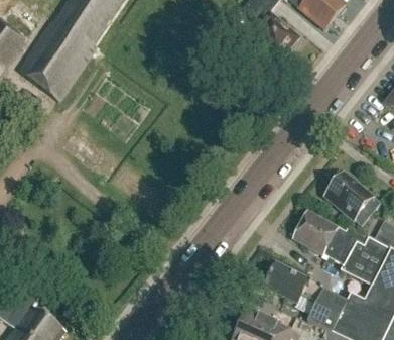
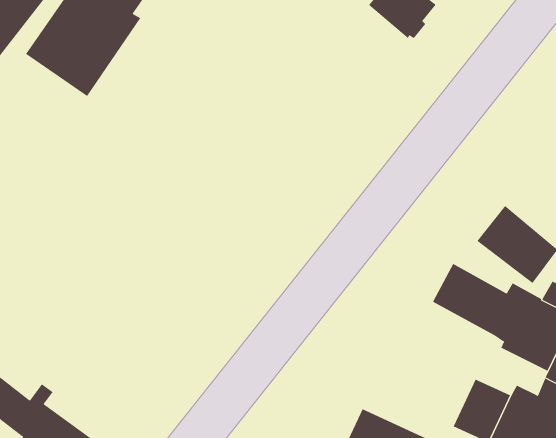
building: [265,261,321,301] -> none

